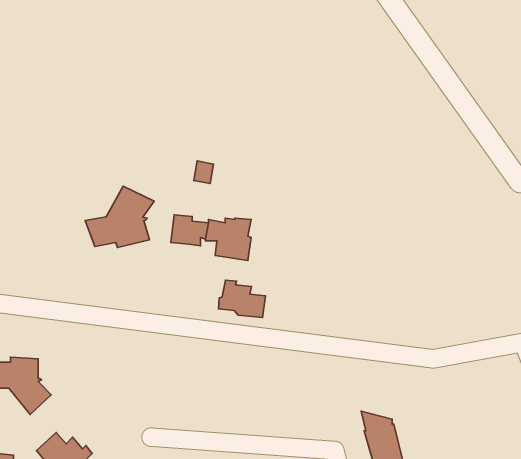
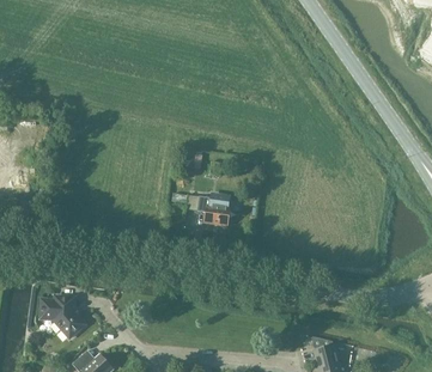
building: [85,186,154,248] -> none
building: [218,280,266,318] -> none

